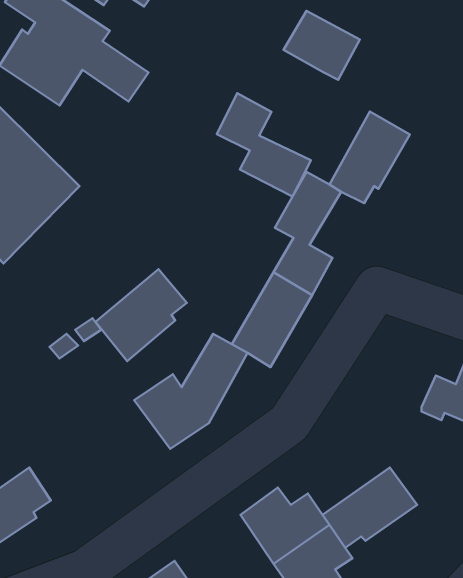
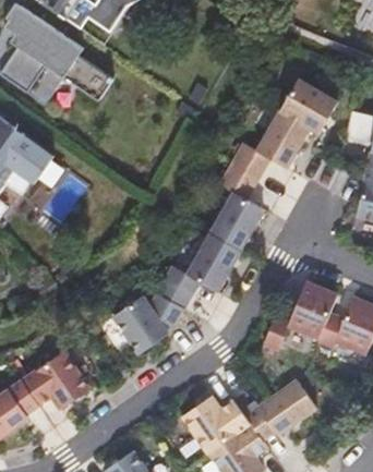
building: [284,11,360,80] -> [281,80,339,132]
building: [217,93,311,196] -> none
building: [95,269,187,361] -> none
building: none -> [265,277,339,346]
building: none -> [23,351,91,409]

